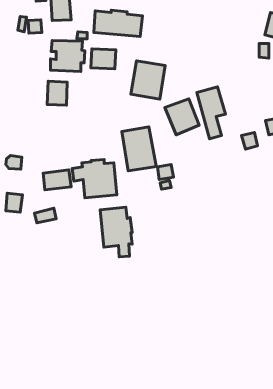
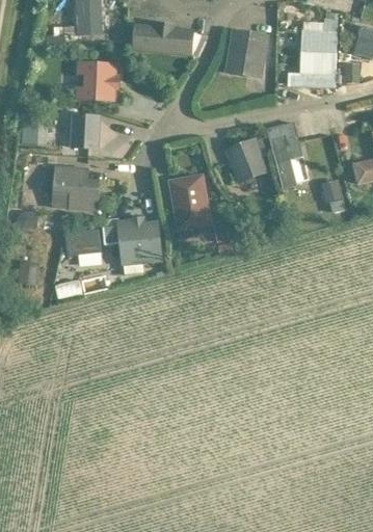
building: none -> [287,20,337,88]
building: [91,49,116,69] -> none
building: [131,61,165,99] -> [224,28,269,78]
building: none -> [52,165,101,211]
building: [100,207,132,257] -> none

